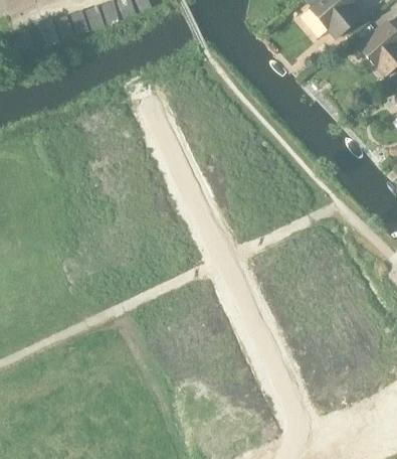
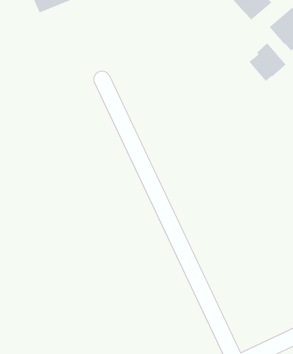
building: none -> [249,43,287,82]

